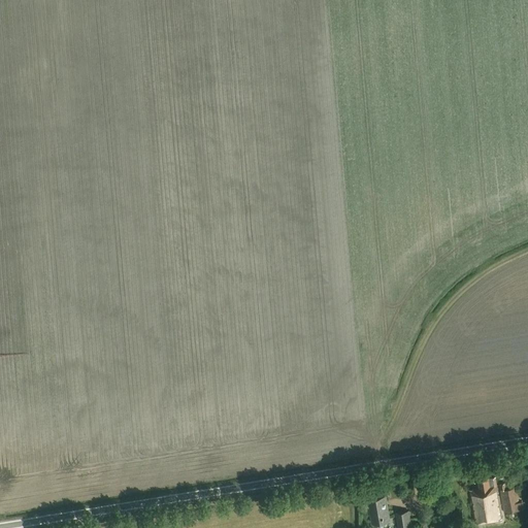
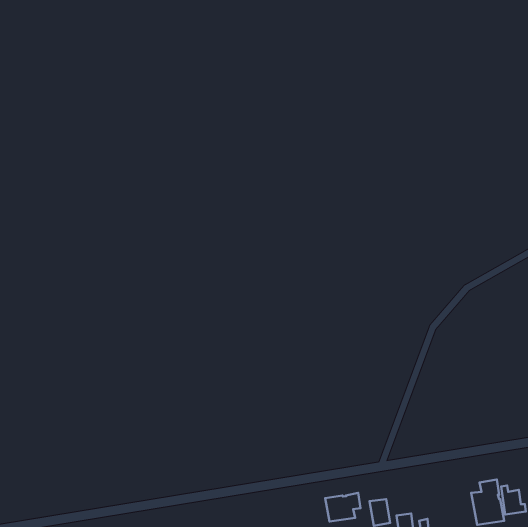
building: none -> [325,493,361,522]

